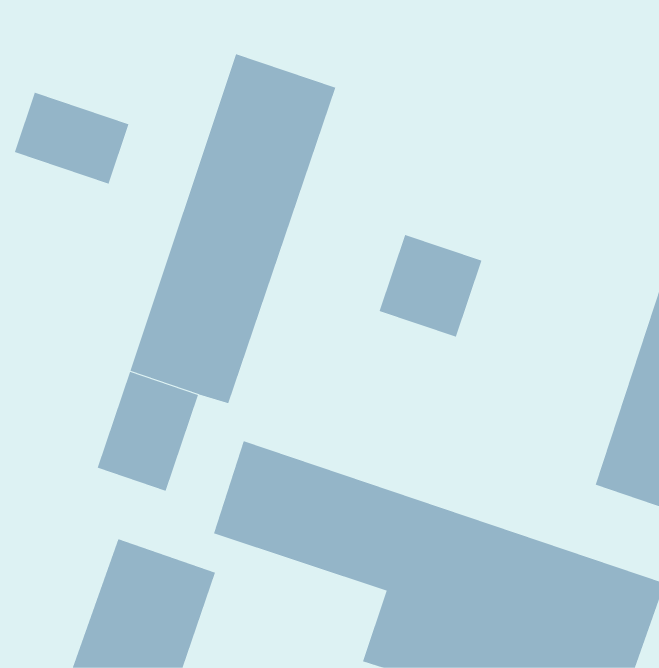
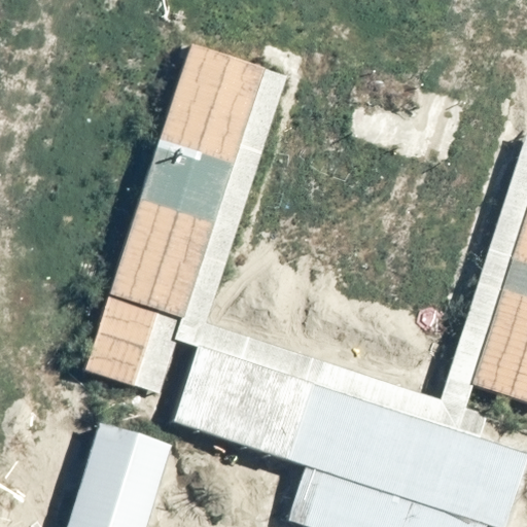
building: [14,92,129,184] -> none
building: [379,234,482,337] -> none

